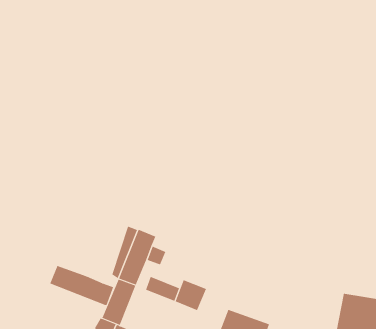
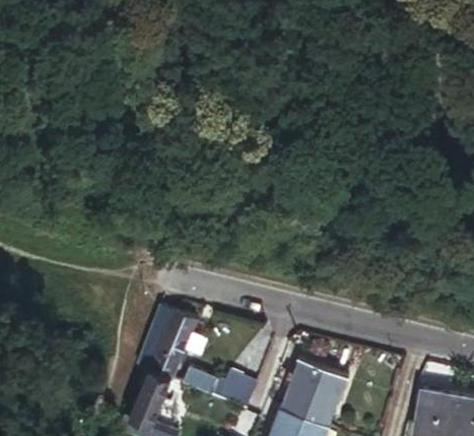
building: [50,265,114,306] -> none
building: none -> [282,359,349,425]

